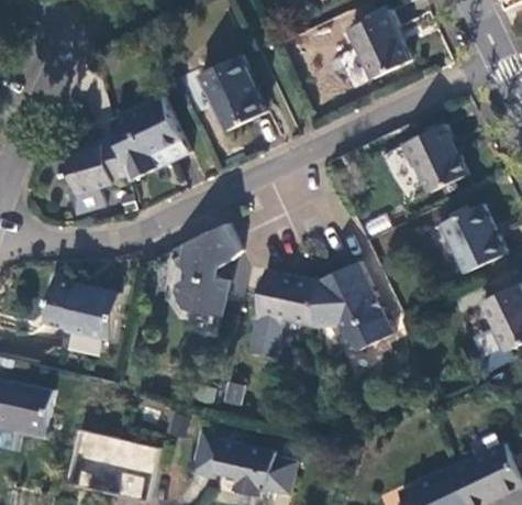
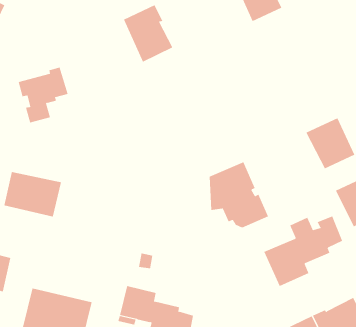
building: [111,96,187,179] -> none
building: [401,127,468,194] -> none
building: [170,223,240,314] -> none
building: [248,271,314,358] -> none
building: none -> [264,215,343,287]

